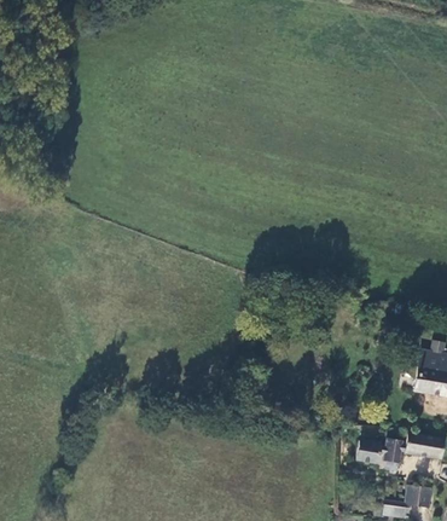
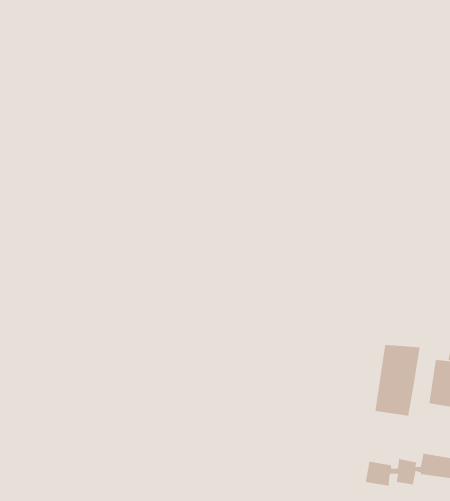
building: none -> [375,344,420,417]

